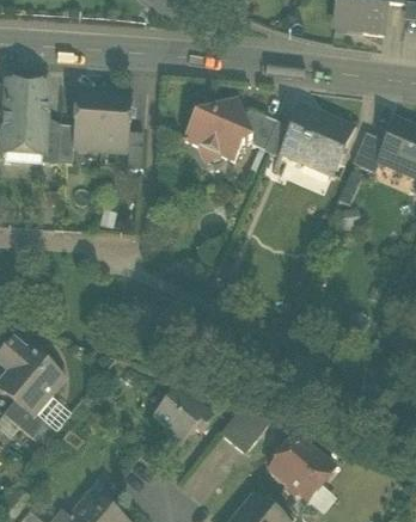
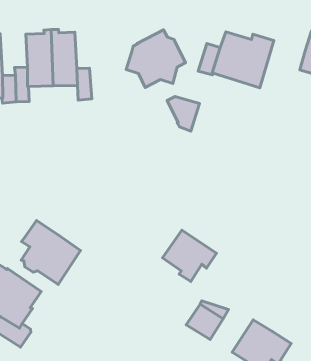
building: [241,109,277,149] -> [167,96,200,131]
building: [353,131,386,172] -> none
building: none -> [21,220,80,285]
building: [152,385,213,443] -> [163,230,217,282]

